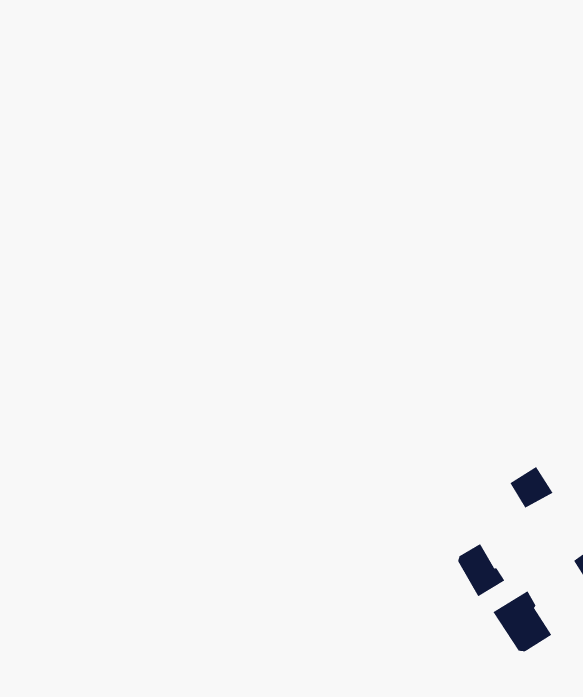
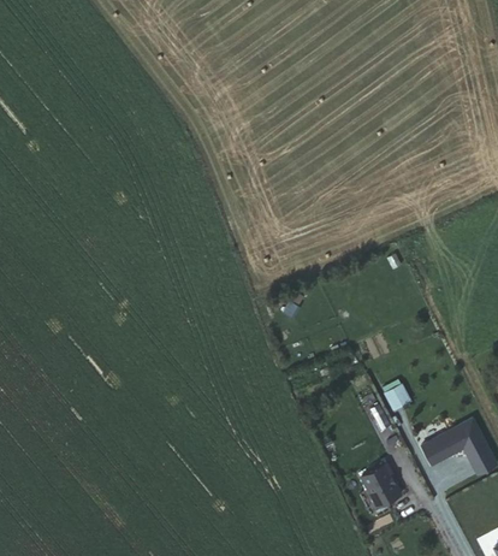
building: [458,543,505,597] -> none

